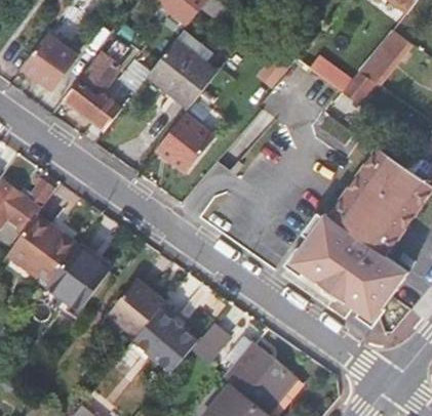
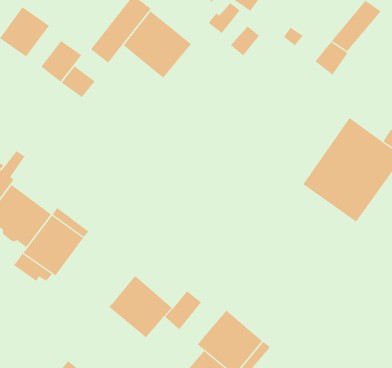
building: [89,39,128,86] -> none
building: [156,115,214,174] -> none
building: [291,214,408,321] -> none
building: [109,282,163,337] -> none

